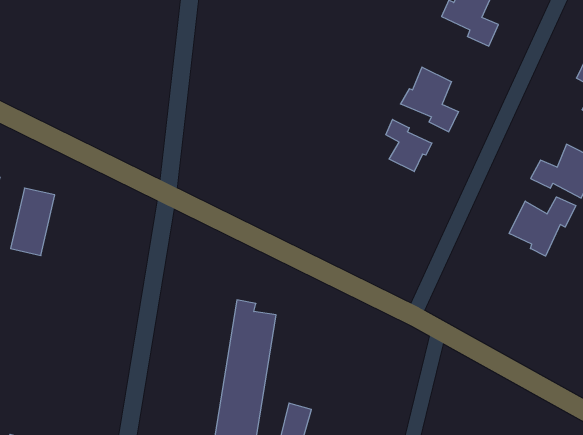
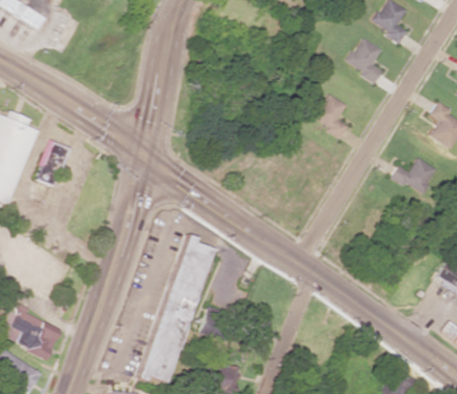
building: [386,119,432,172] -> none
building: [509,197,576,256] -> none

